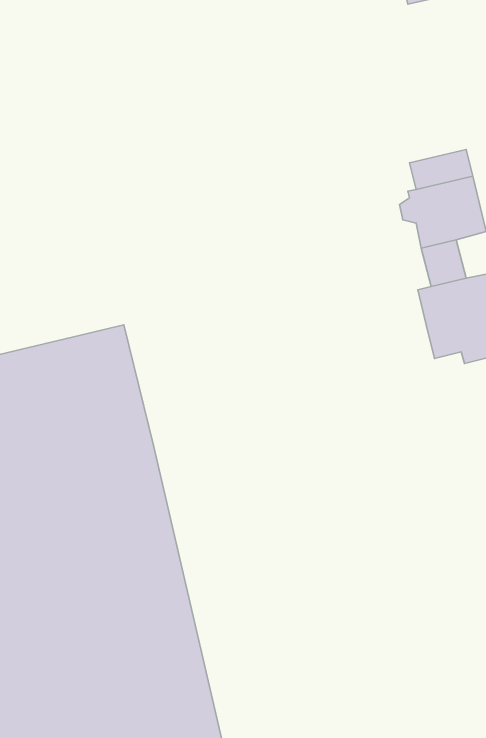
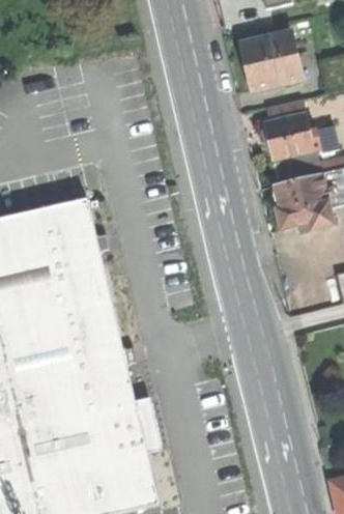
building: none -> [239,30,300,88]

